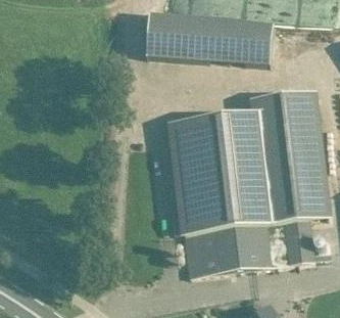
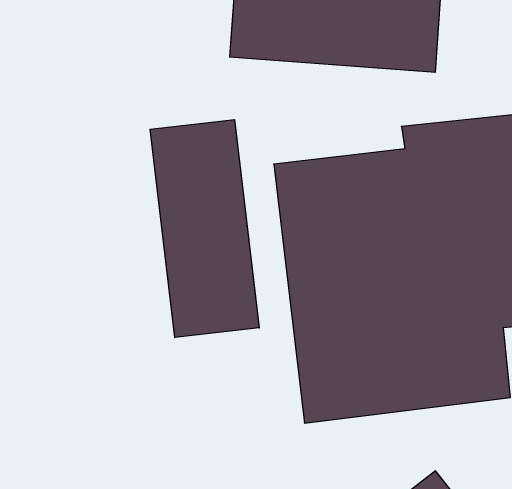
building: none -> [150,120,259,338]

